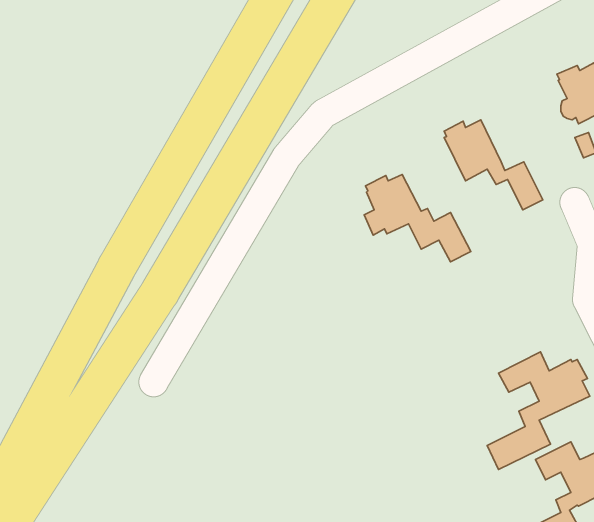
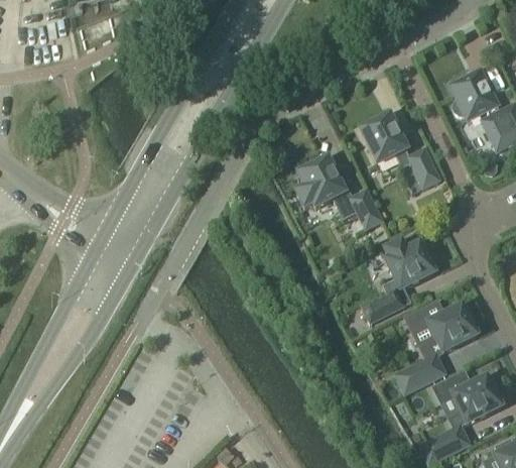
building: none -> [362,242,434,323]

